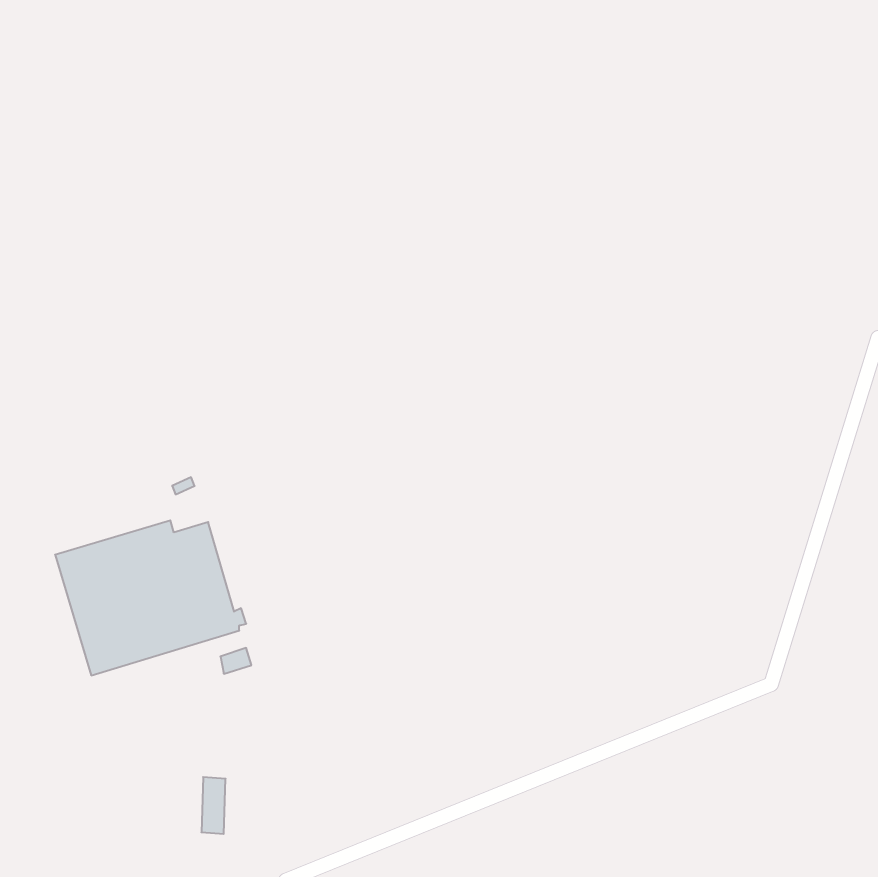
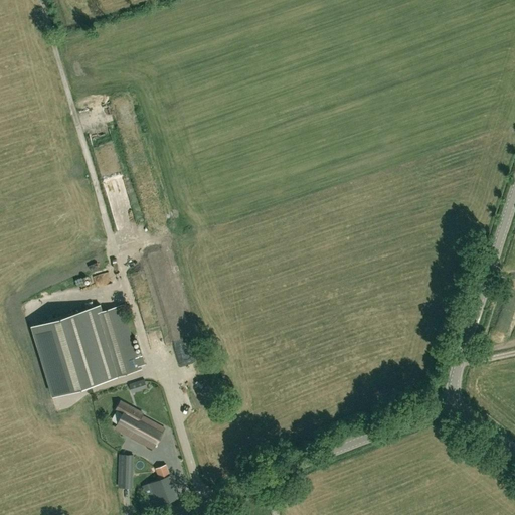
building: none -> [115,402,163,450]
building: none -> [142,466,177,510]

